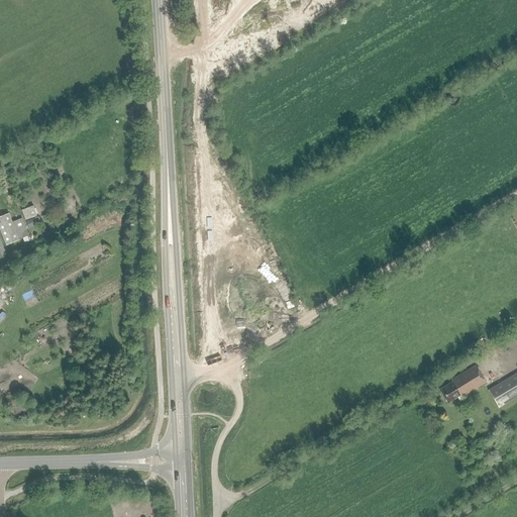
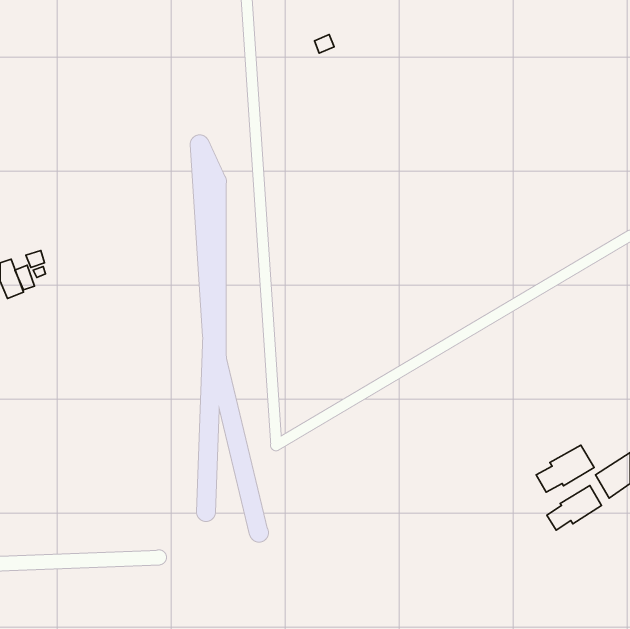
building: none -> [547,486,602,530]

